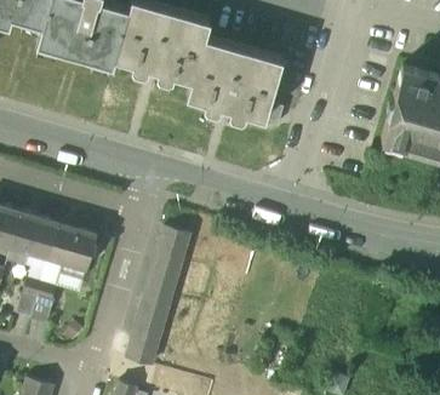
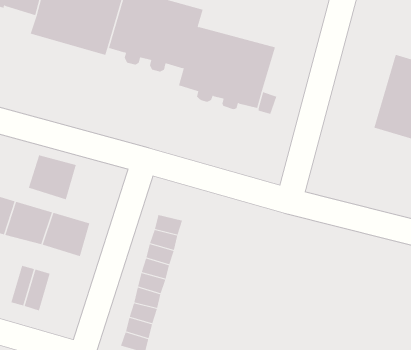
building: none -> [28,154,76,200]

